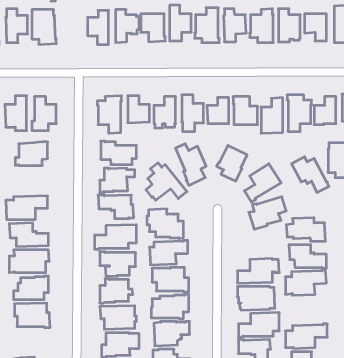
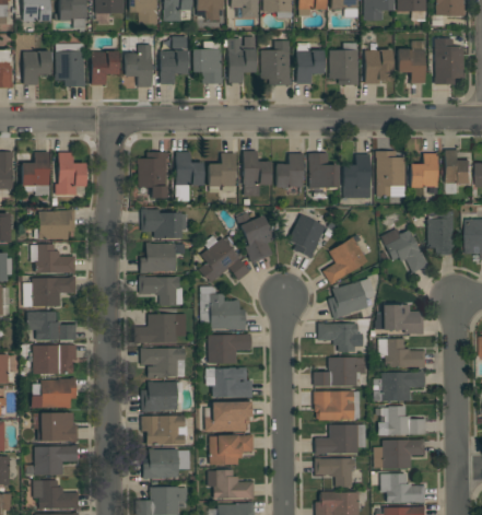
building: none -> [92,51,119,85]
building: none -> [31,245,75,273]
building: none -> [318,323,364,353]
building: none -> [379,407,426,435]
building: none -> [26,445,78,476]

